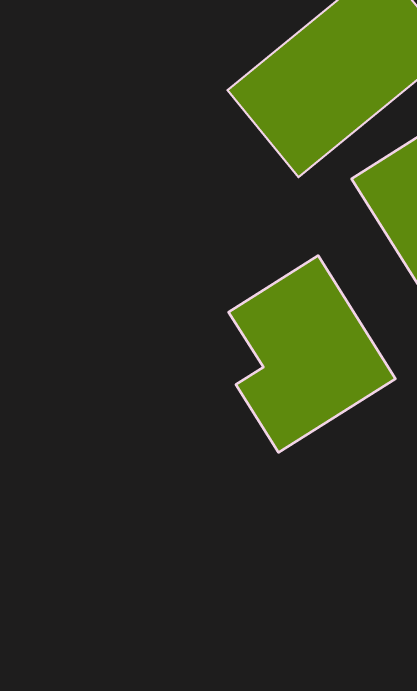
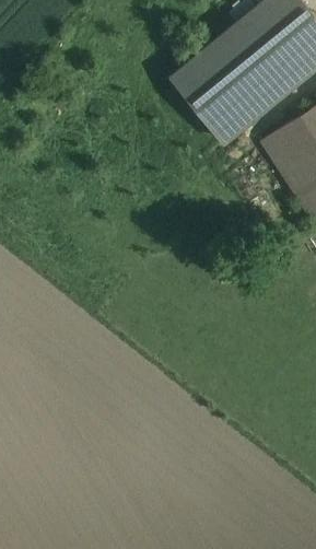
building: [229,256,396,453] -> none

